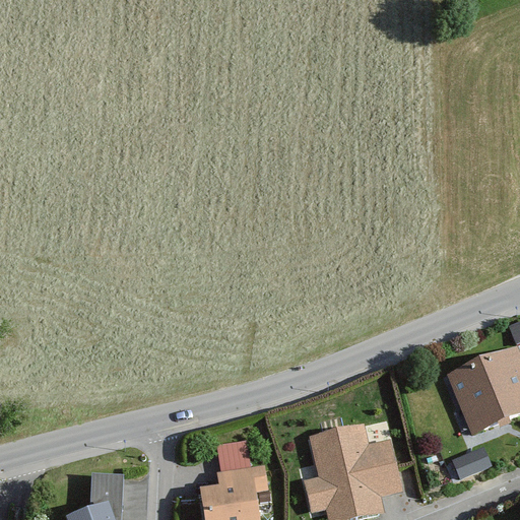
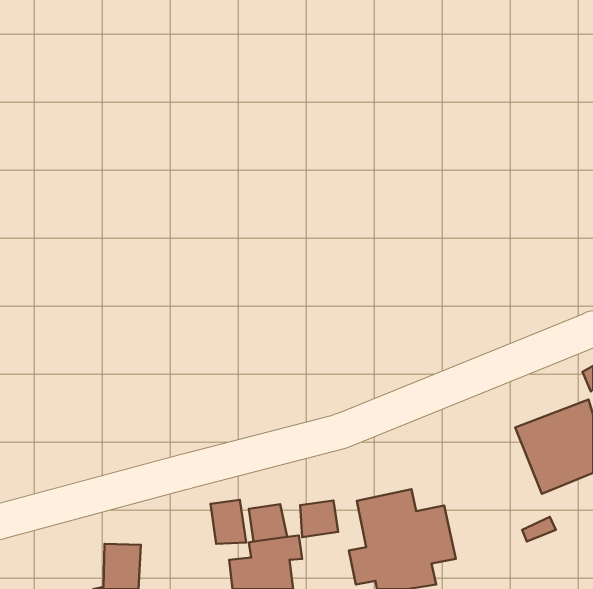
building: none -> [211,500,246,544]
building: none -> [300,500,338,537]

